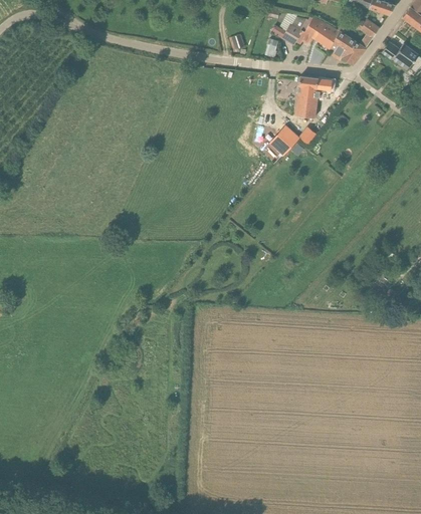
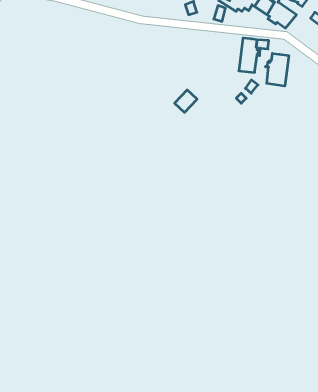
building: none -> [266,53,289,86]
building: [271,127,298,155] -> [175,90,197,112]

